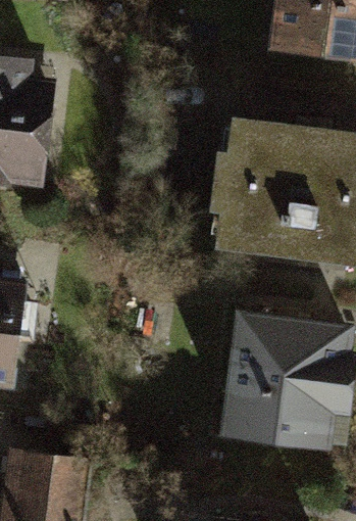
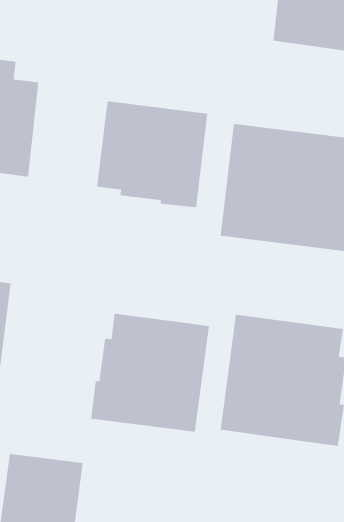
building: none -> [96,101,208,208]
building: none -> [91,313,210,433]

